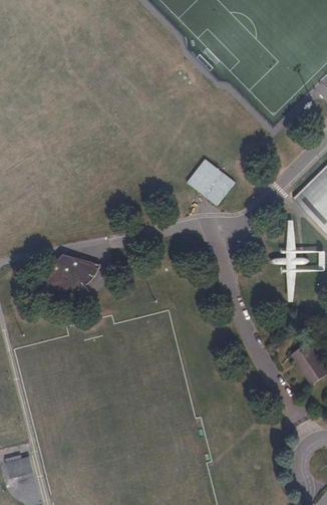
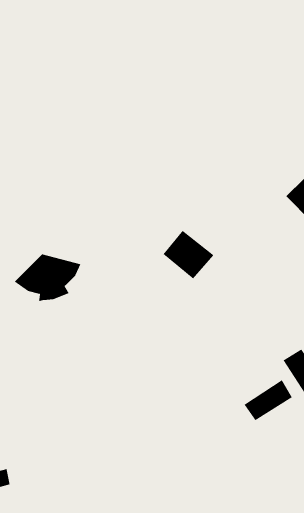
building: [188,158,237,205] -> [163,230,214,279]
building: none -> [243,379,293,421]

